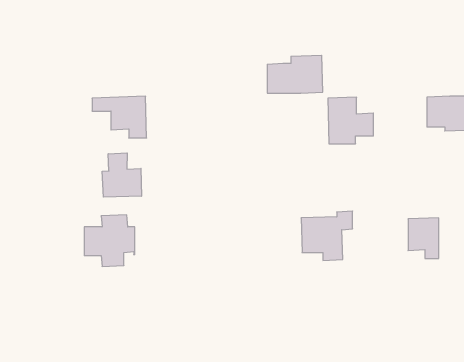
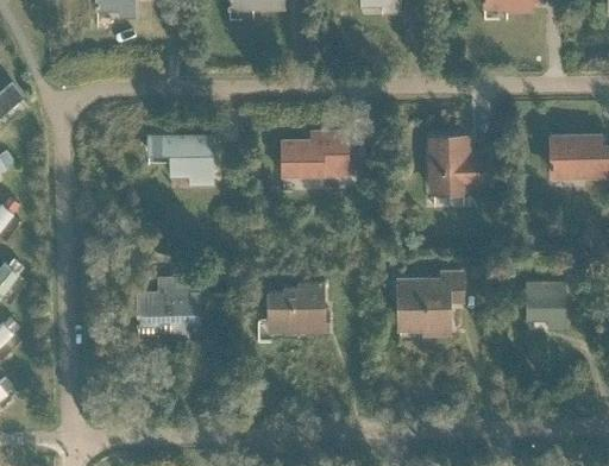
building: [267,55,323,93] -> [282,131,349,176]
building: [102,153,141,197] -> none
building: none -> [268,283,328,332]

